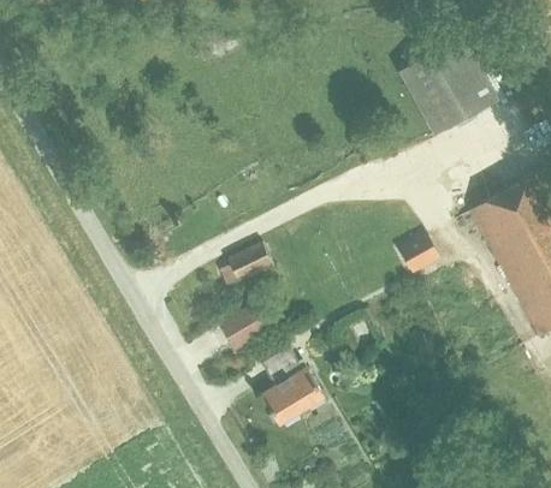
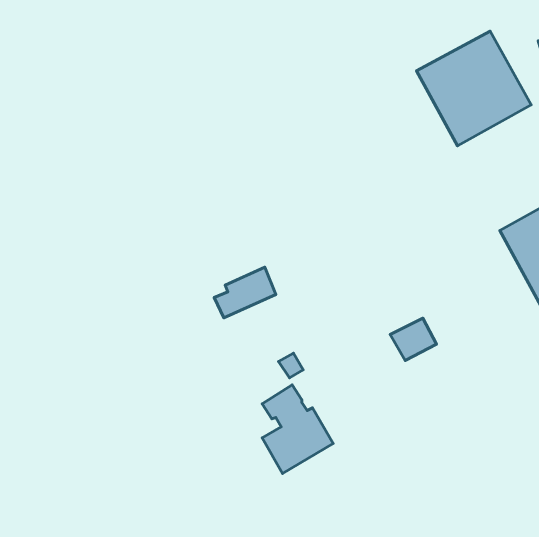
building: [398,236,439,273] -> [390,318,437,360]
building: [217,304,268,352] -> none

